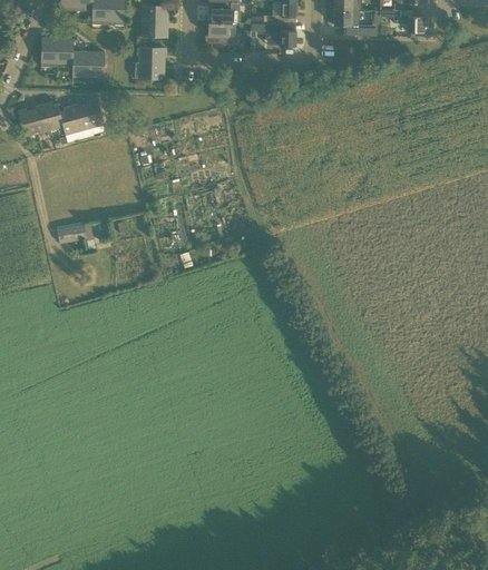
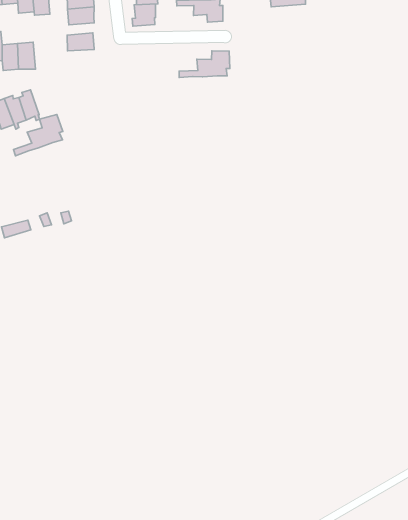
building: [135,61,165,78] -> none
building: none -> [179,51,230,77]
building: none -> [14,114,63,156]

